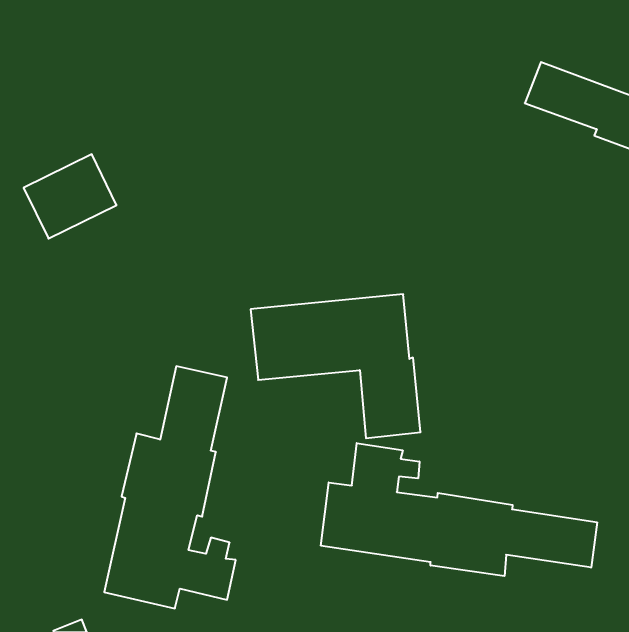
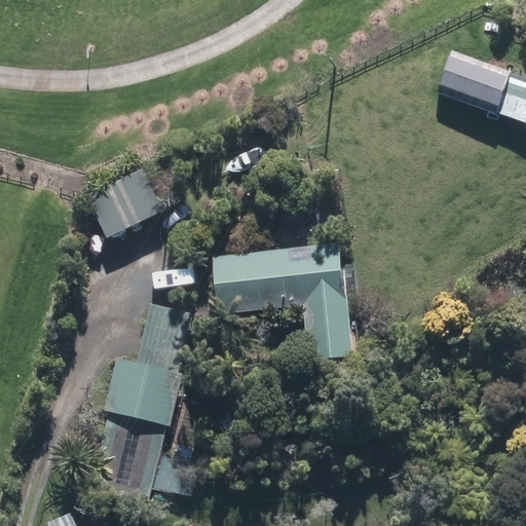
building: [24,154,117,239] -> [85,168,162,238]
building: [321,443,597,576] -> none

